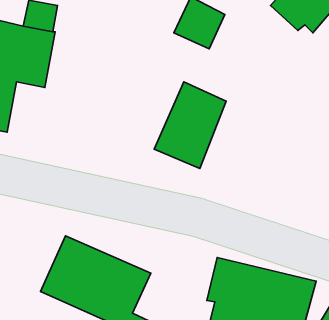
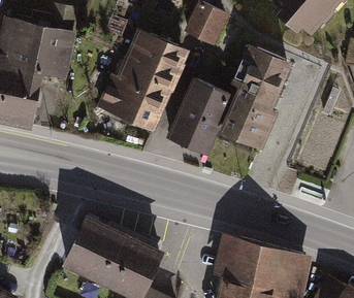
building: none -> [95,29,189,132]
building: none -> [218,43,290,151]

